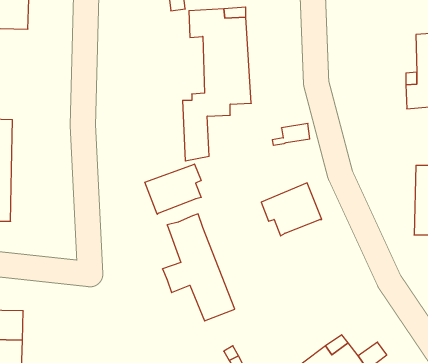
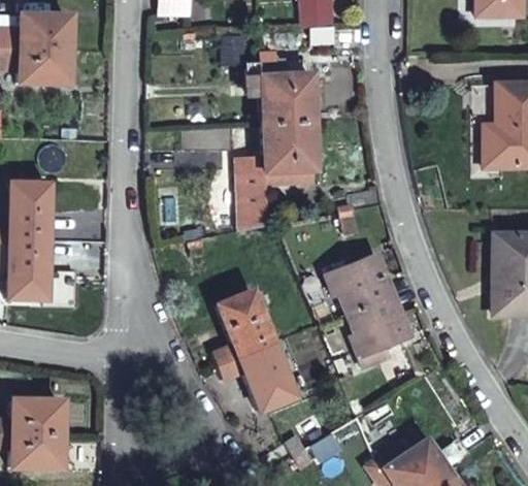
building: [145,164,201,214] -> none
building: none -> [349,297,411,359]

